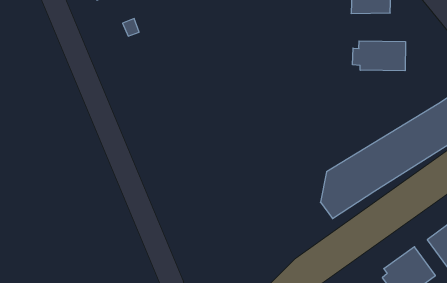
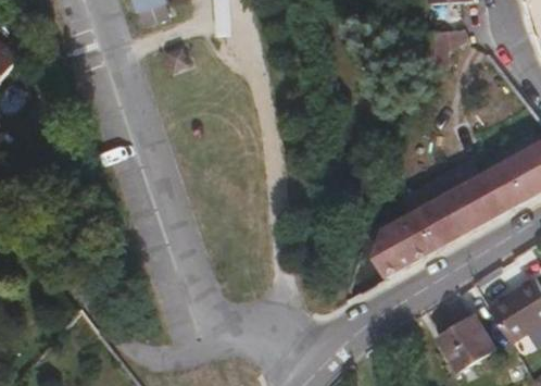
building: [353,41,405,71] -> none

